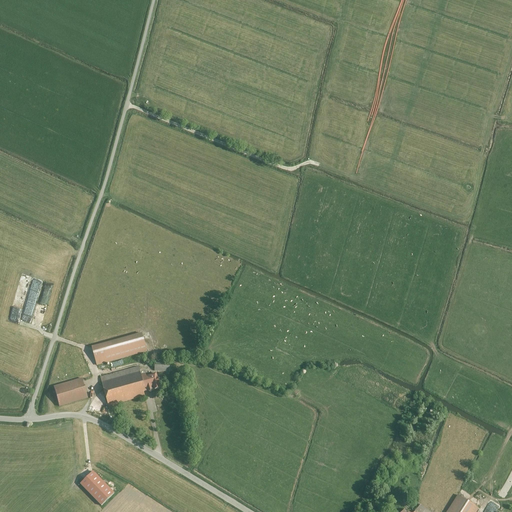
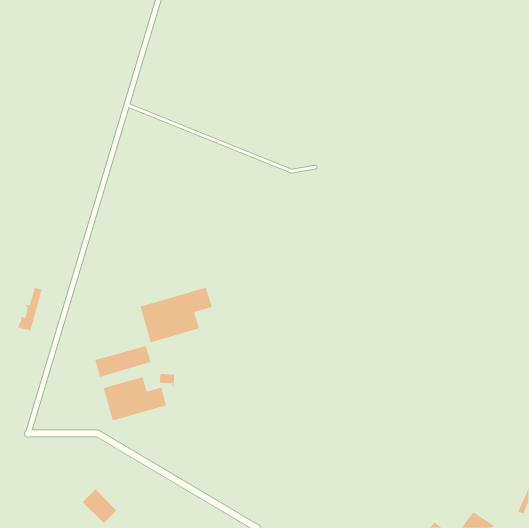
building: none -> [140,287,213,343]
building: [54,377,88,404] -> none

